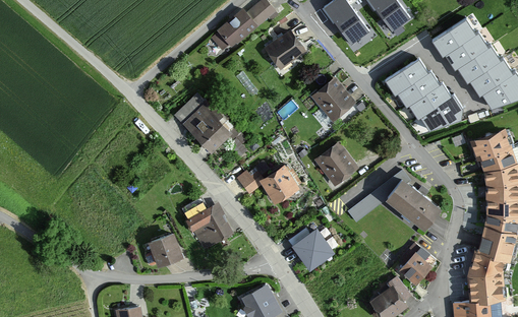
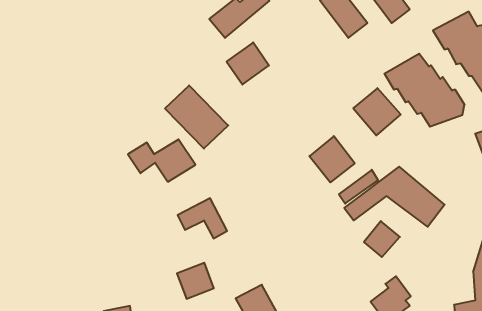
building: [265,29,305,70] -> [227,42,269,85]
building: [310,77,356,123] -> [353,88,401,135]
building: [236,164,301,204] -> [128,139,195,182]
building: [292,225,335,267] -> none
building: [149,232,184,266] -> [177,263,214,299]
building: [399,251,434,286] -> [364,221,400,257]

